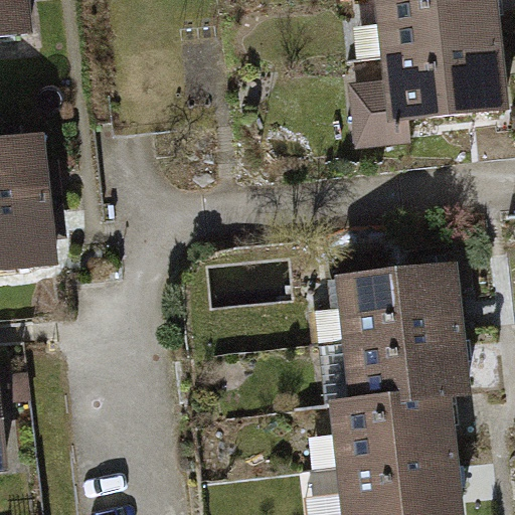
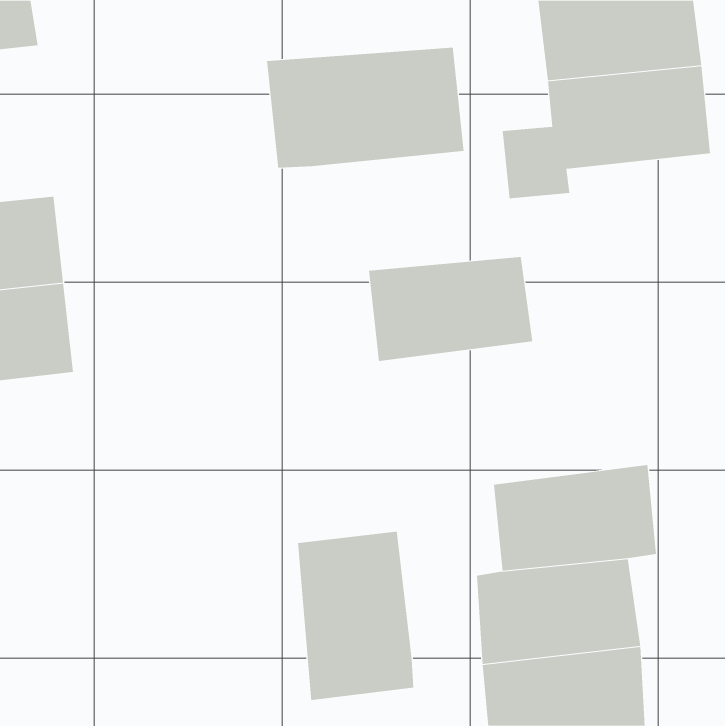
building: none -> [266,47,464,169]
building: [342,269,459,343] -> [368,256,533,362]
building: none -> [297,531,414,701]

